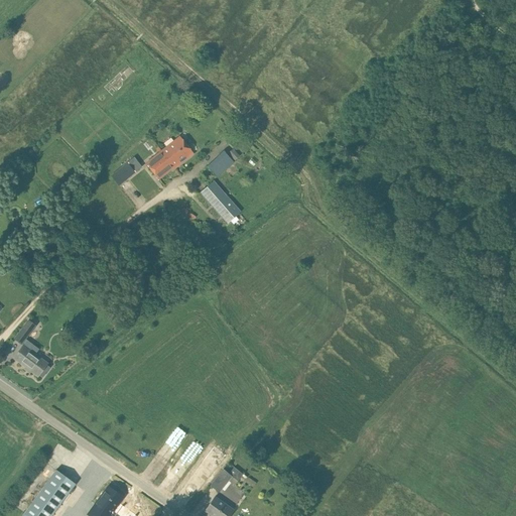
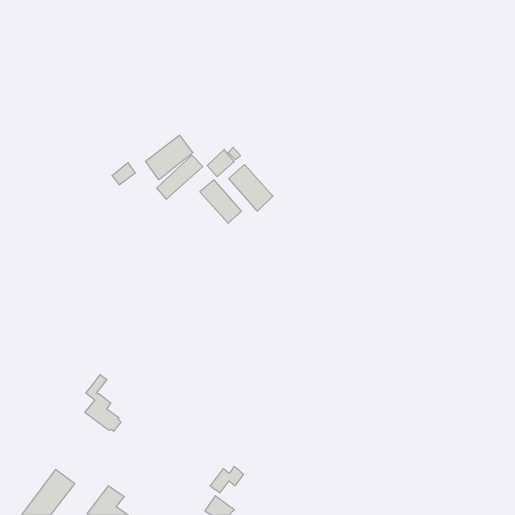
building: none -> [157,155,203,199]
building: none -> [229,165,273,211]
building: [14,319,50,376] -> [85,375,121,431]

